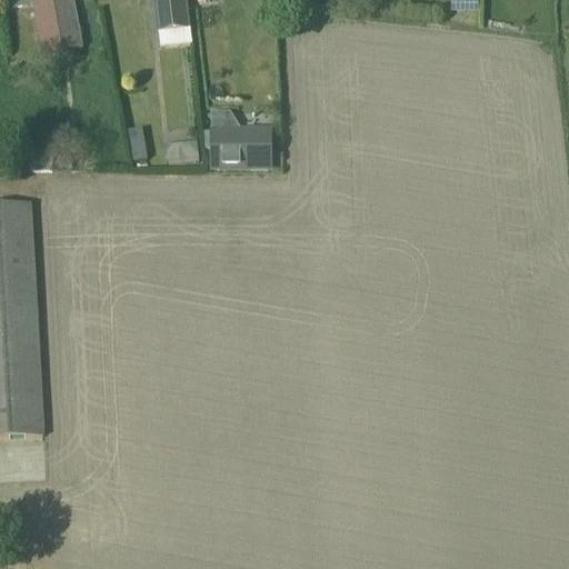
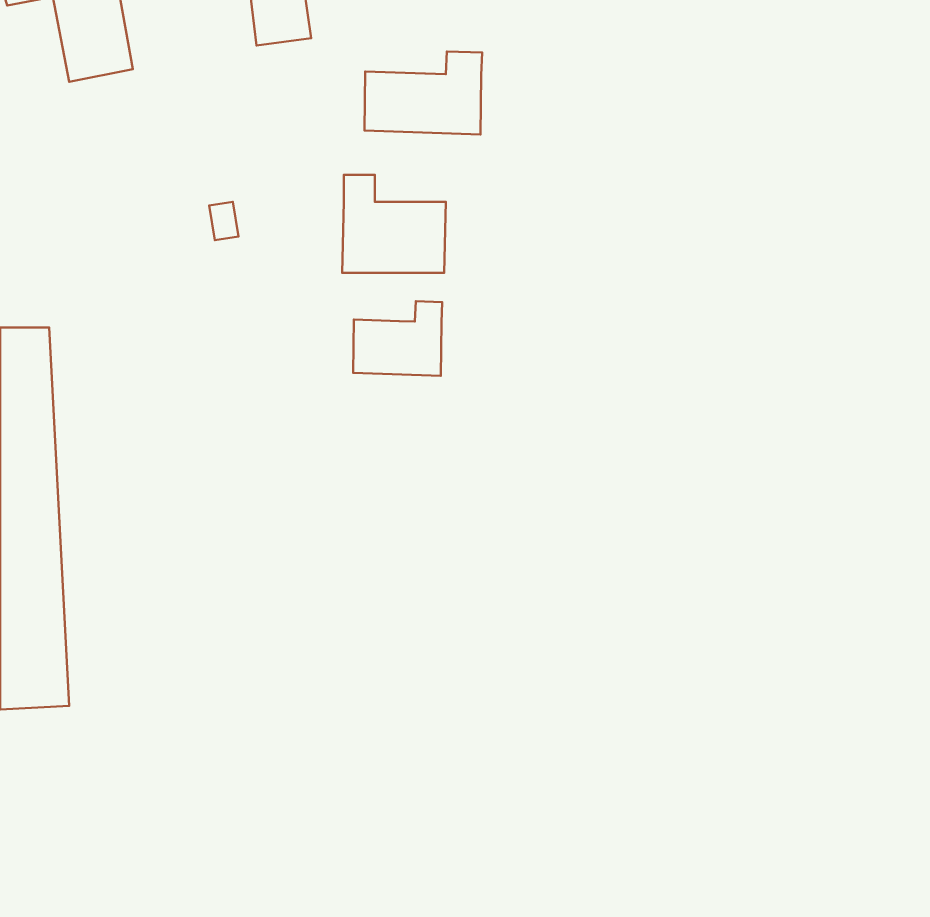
building: none -> [365,51,482,134]
building: none -> [353,301,442,376]

